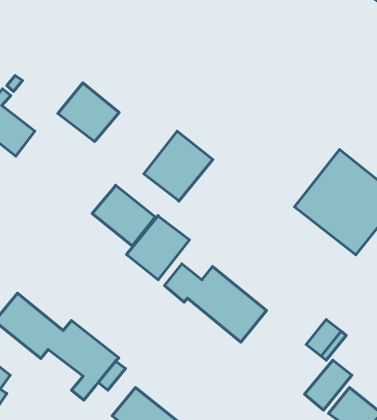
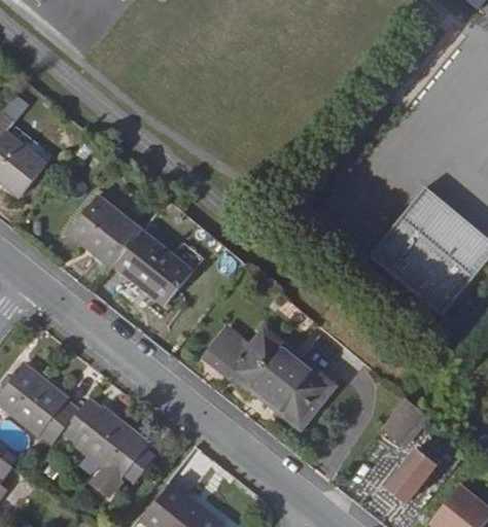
building: [58,83,119,142] -> [68,195,144,268]
building: [144,131,213,201] -> none
building: [126,215,189,280] -> none

